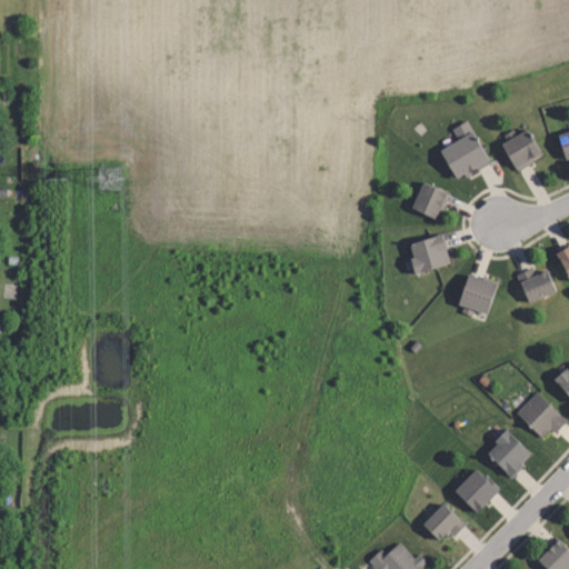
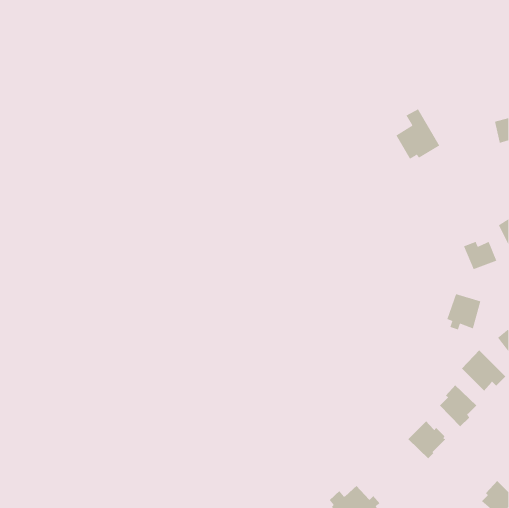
building: [503,130,542,171] -> none
building: [412,182,448,219] -> none
building: [412,237,450,276] -> none
building: [459,274,498,316] -> [446,293,481,330]
building: [422,505,463,541] -> none

